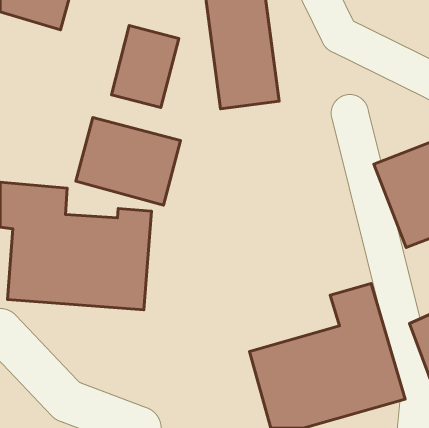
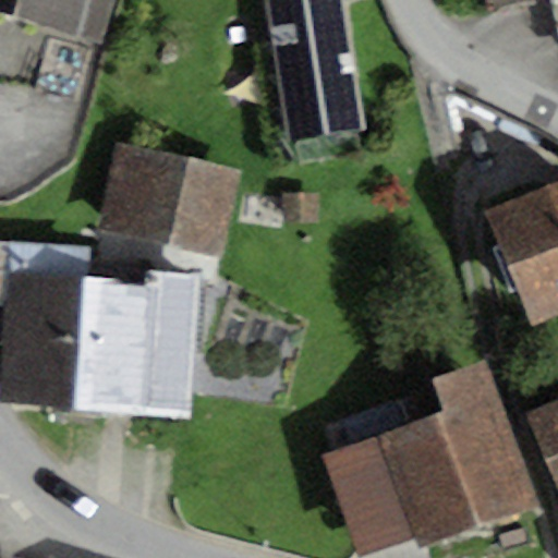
building: [111,25,179,108] -> none

